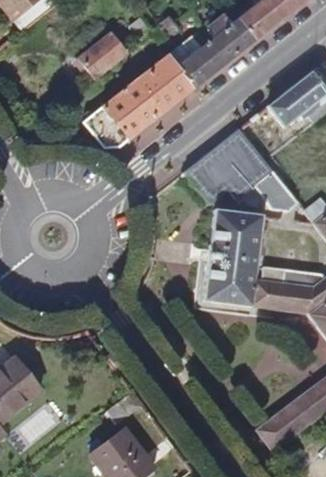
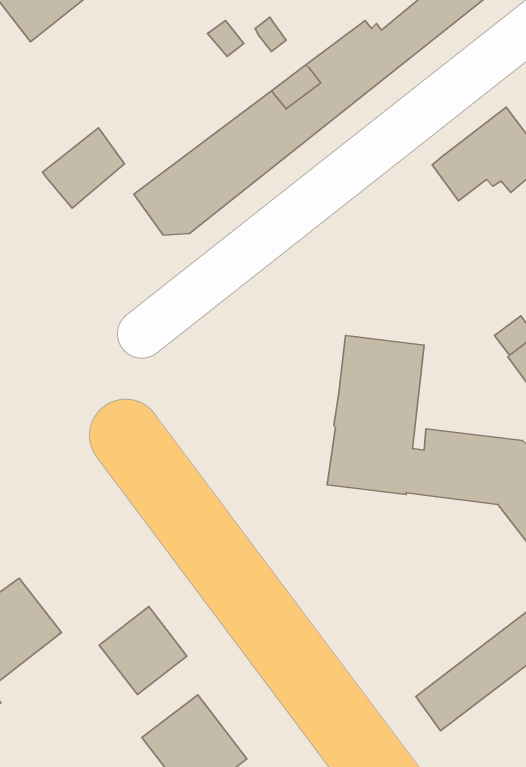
building: [78,31,128,80] -> [43,128,125,208]
building: [184,128,298,209] -> none
building: none -> [99,607,187,695]

